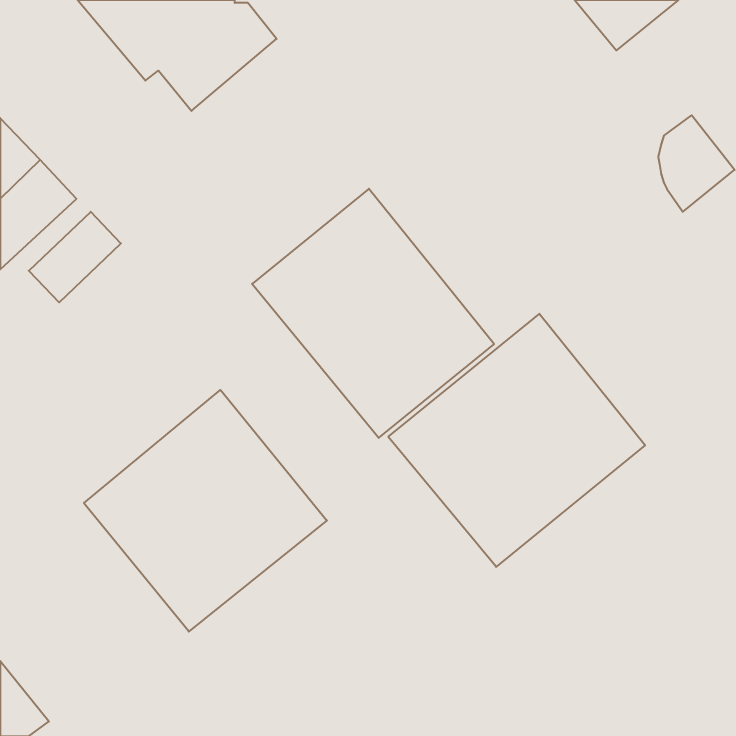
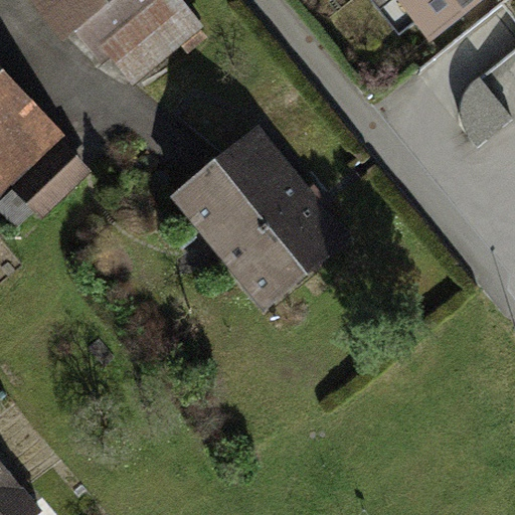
building: [388,314,645,567] -> none
building: [84,390,327,632] -> none

